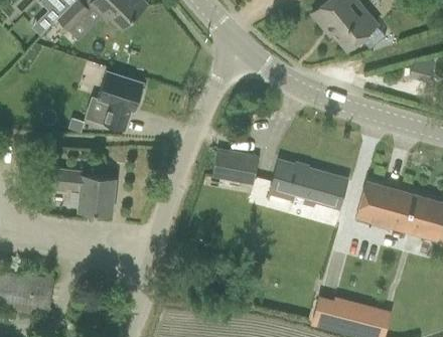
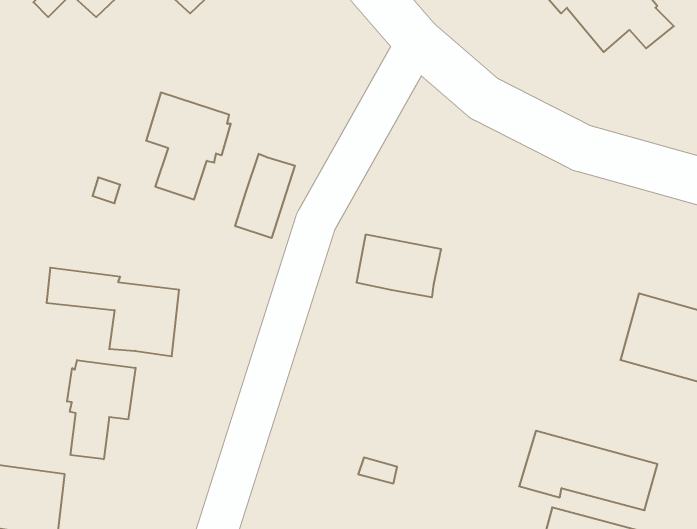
building: none -> [235,154,295,238]
building: [270,163,345,206] -> [519,431,657,510]
building: none -> [67,360,136,459]

